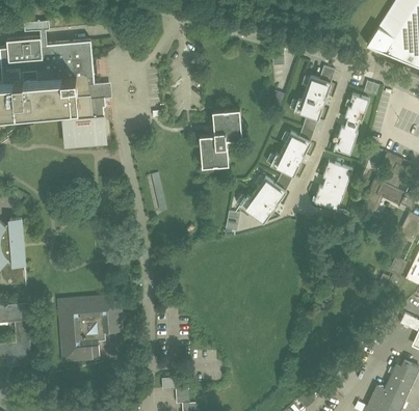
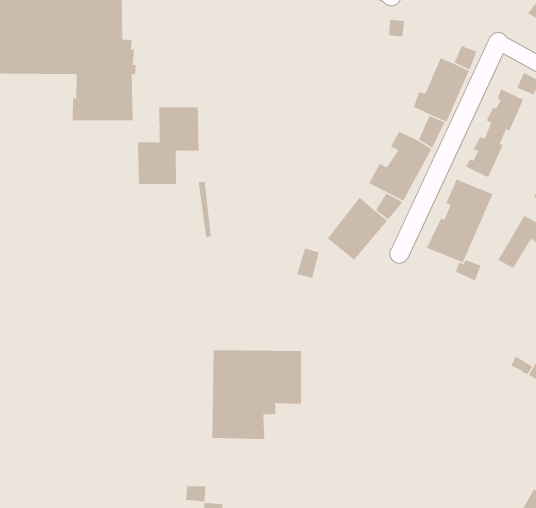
building: [200,111,242,167] -> [137,106,199,185]
building: [57,298,121,362] -> [212,349,302,440]

